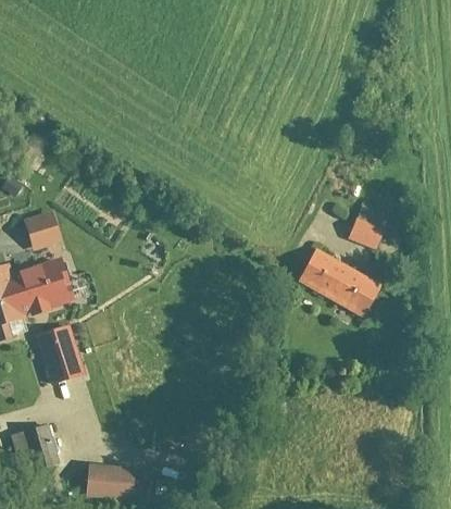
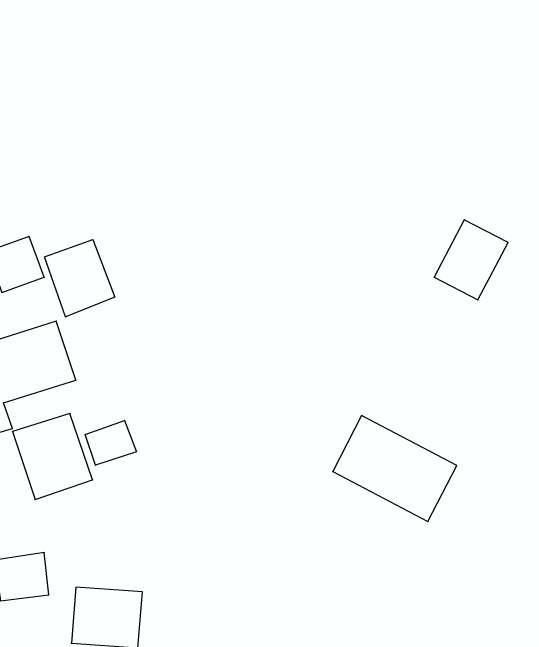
building: none -> [44,240,115,317]
building: [286,237,375,313] -> [333,416,457,522]
building: none -> [85,420,136,465]

